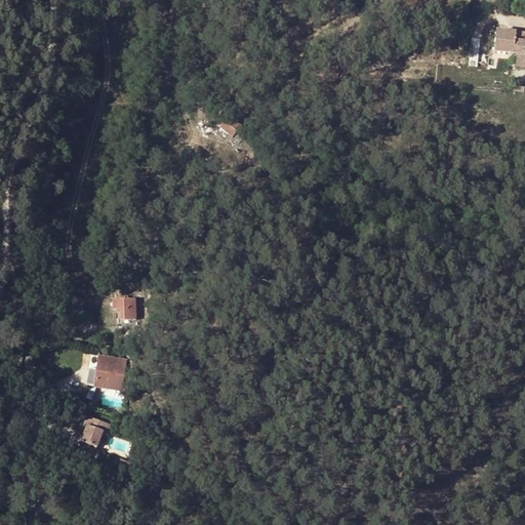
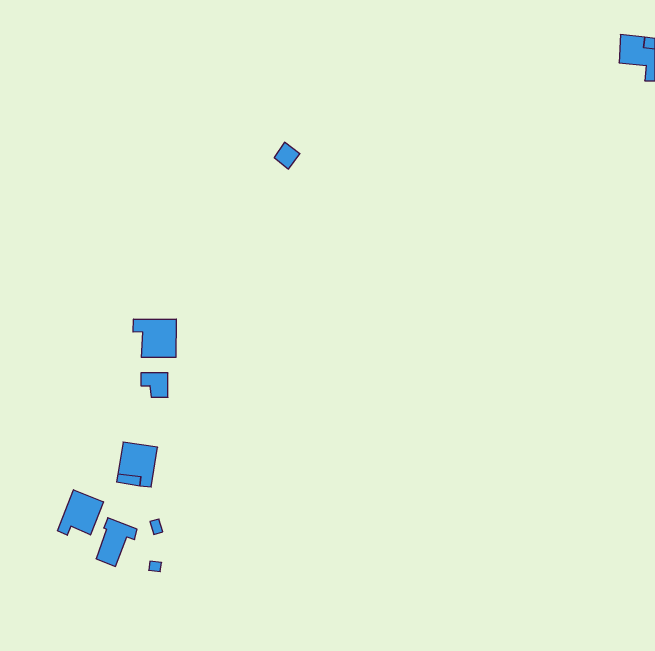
building: none -> [133,319,176,357]
building: none -> [58,490,103,535]

